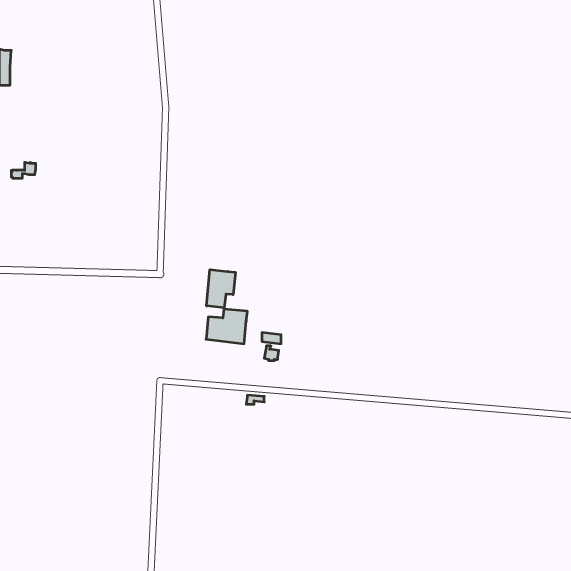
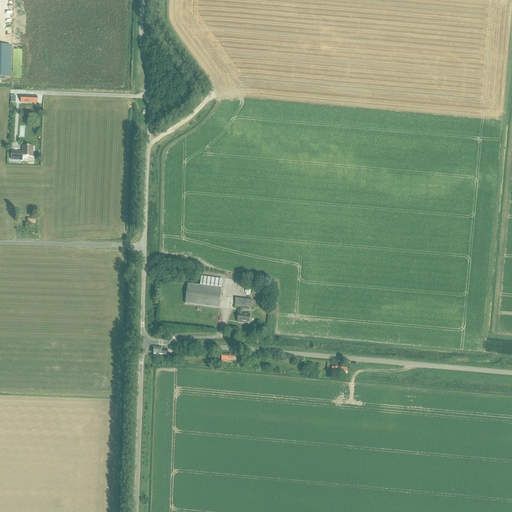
building: [207,270,235,308] -> none

